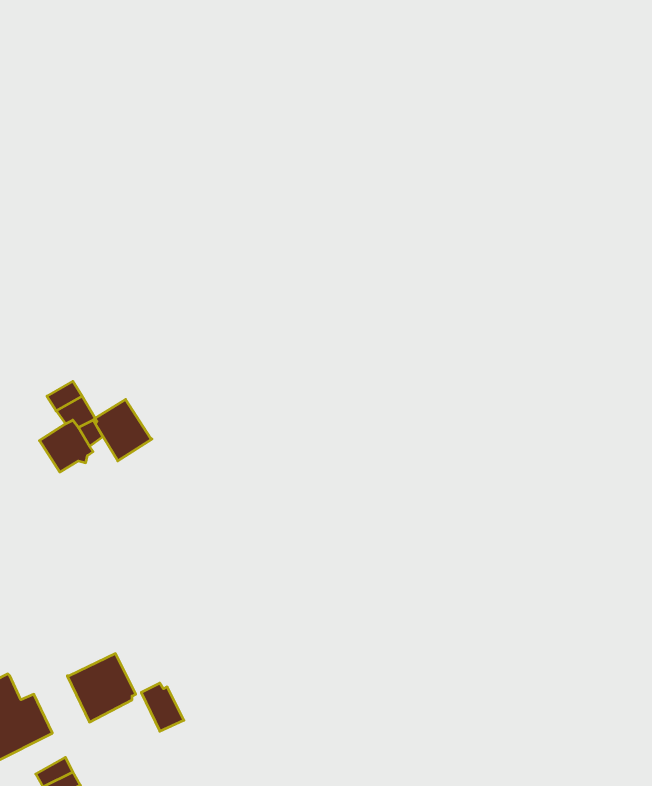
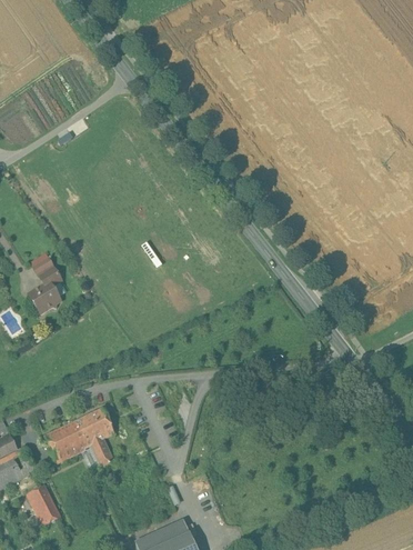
building: [95,399,152,461] -> none
building: none -> [73,408,113,446]

